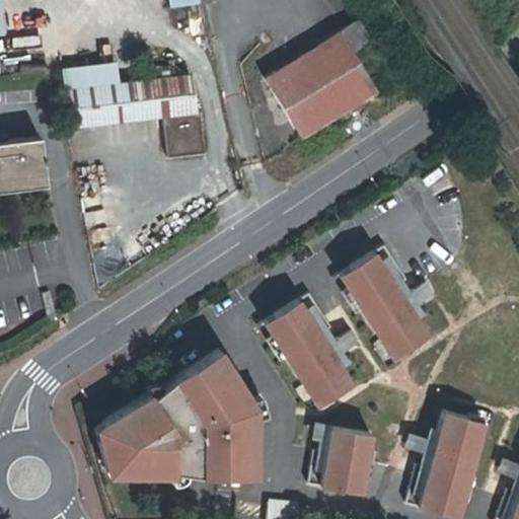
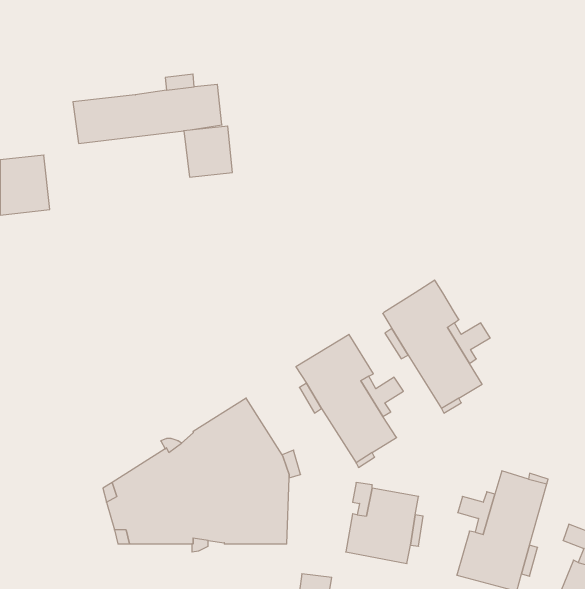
building: [268,23,381,138] -> none
building: [67,64,124,91] -> none

